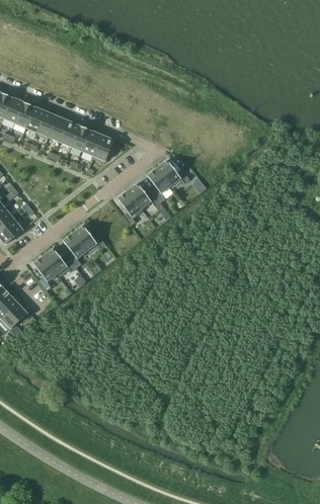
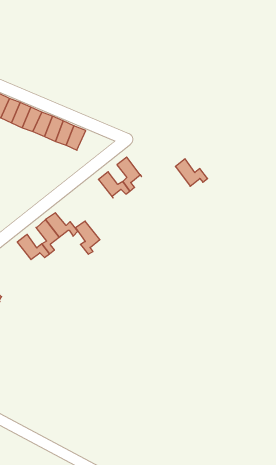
building: [157,160,190,188] -> [175,159,208,186]
building: [117,191,143,226] -> [75,221,100,254]
building: [33,256,58,291] -> none

